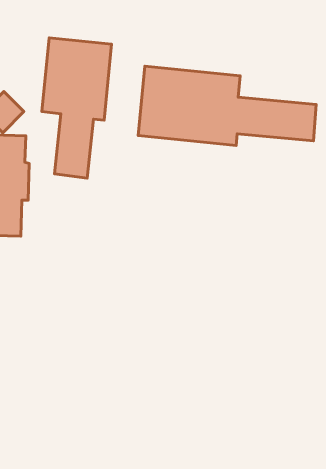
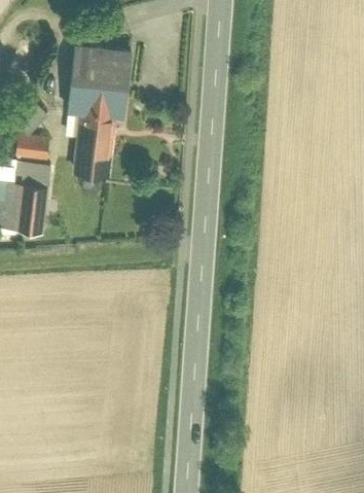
building: [138,66,316,146] -> none

